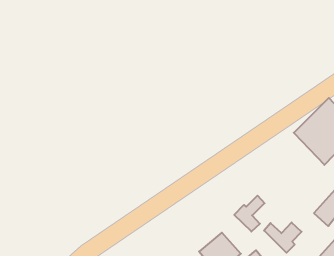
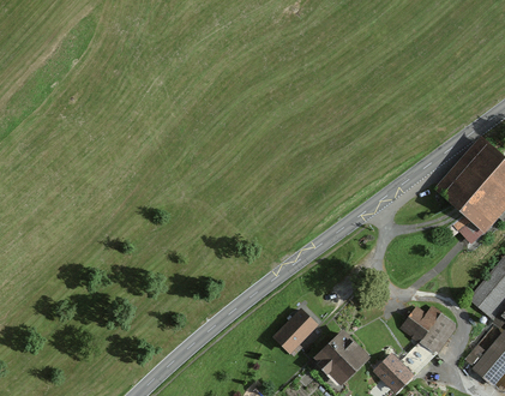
building: [234,196,265,232] -> none
building: none -> [273,312,317,355]

